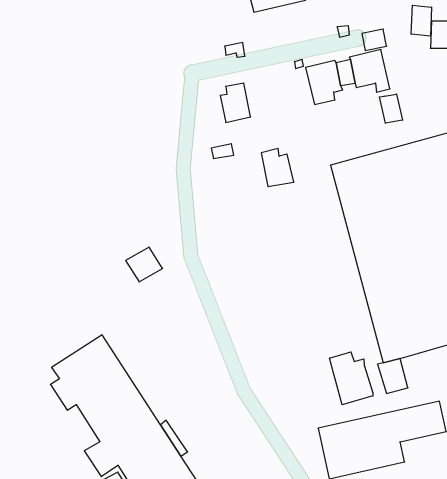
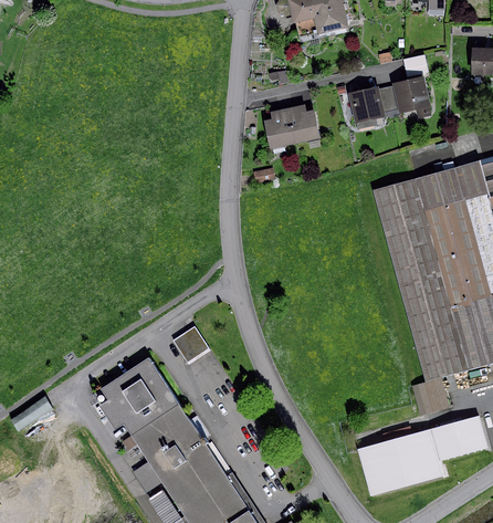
building: [411,5,432,36] -> none
building: [379,94,402,123] -> none
building: [261,148,294,187] -> [289,104,321,142]
building: [126,247,163,282] -> [175,330,211,364]
building: [330,352,373,405] -> none

